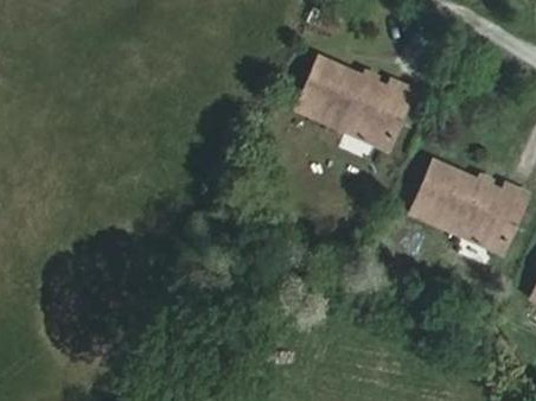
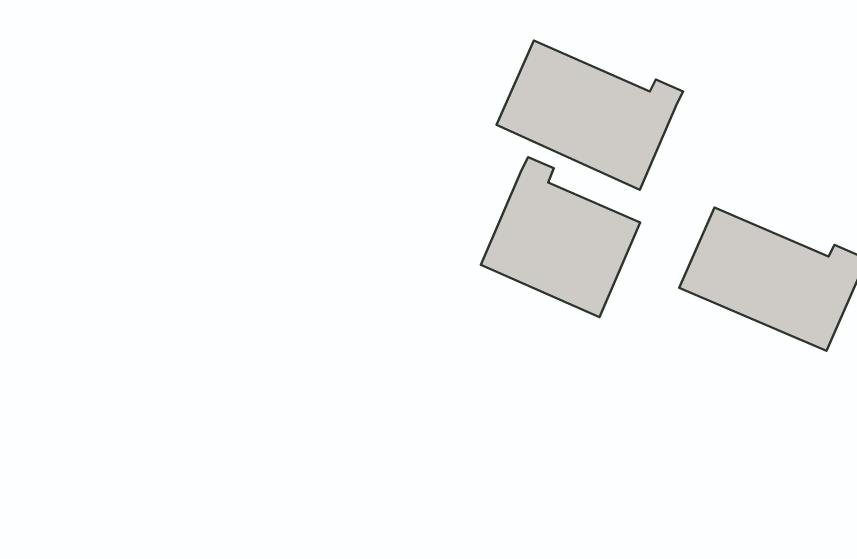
building: none -> [481,157,640,317]

